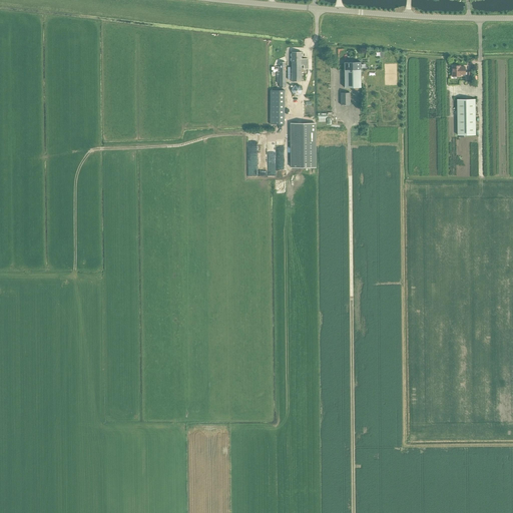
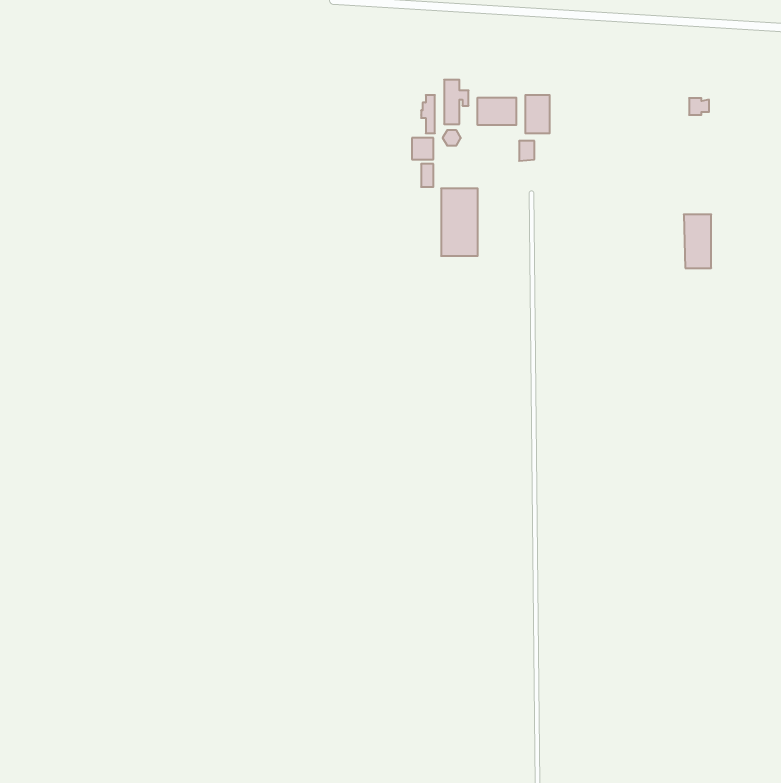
building: none -> [478,98,516,125]
building: [456,98,474,133] -> [684,214,711,268]

